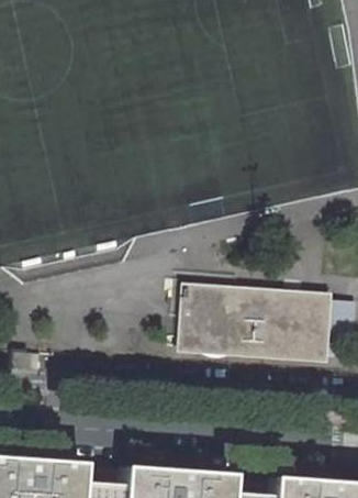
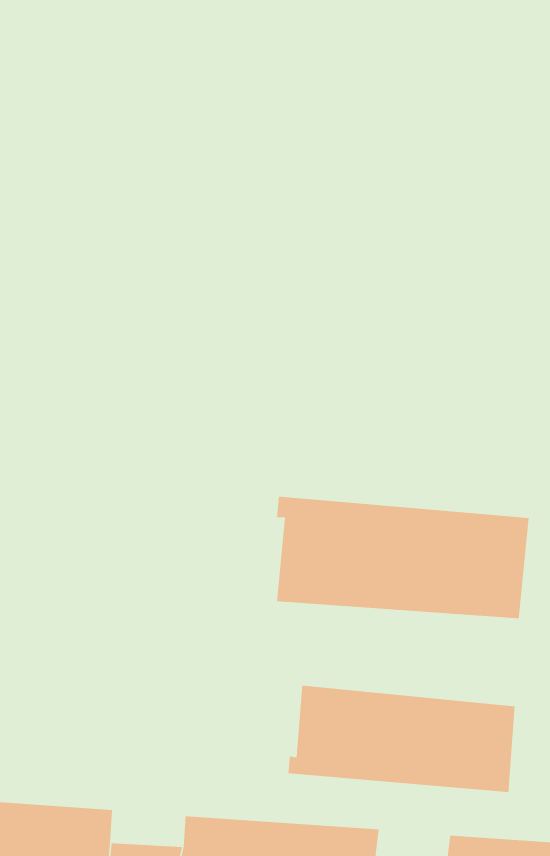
building: none -> [288,685,515,793]

